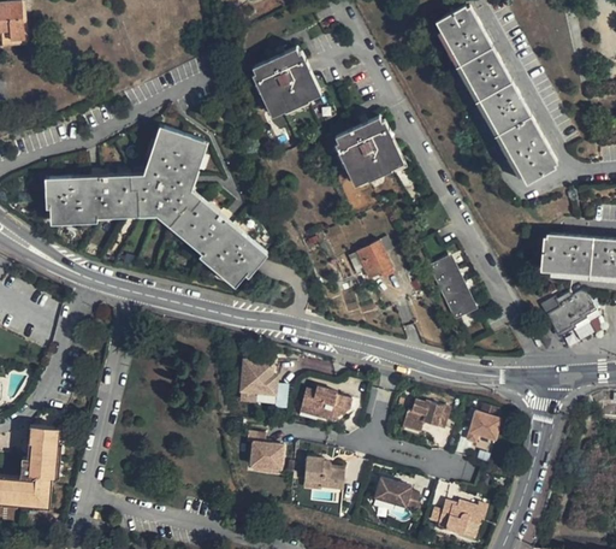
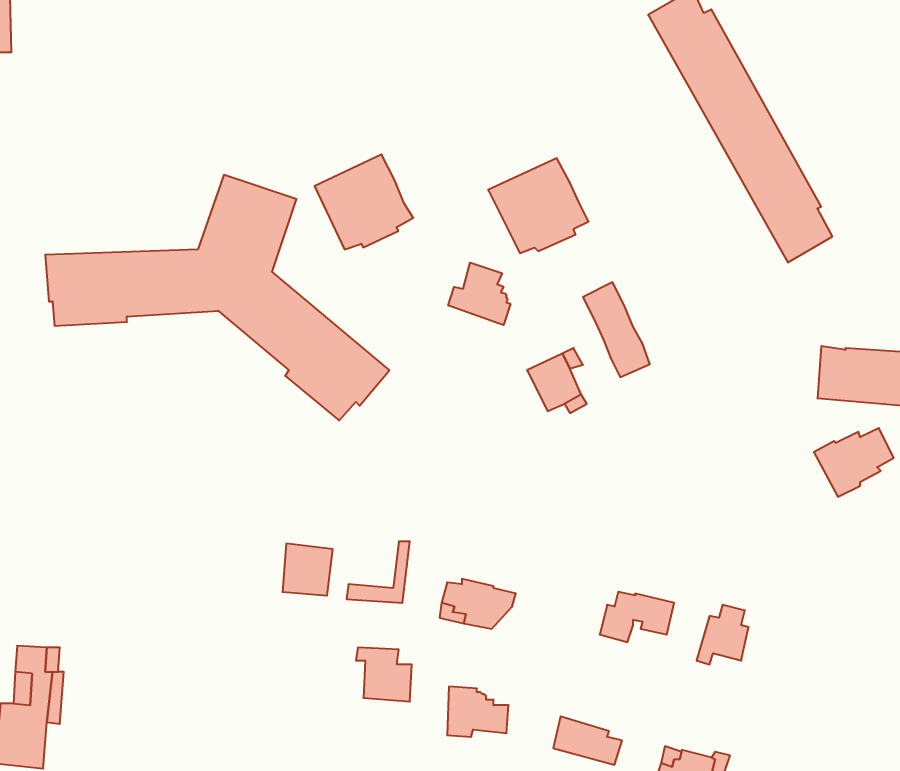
building: [250,48,314,110] -> [315,154,413,249]
building: none -> [448,263,510,325]
building: [432,260,475,321] -> [583,282,650,377]
building: [242,361,274,395] -> [282,544,333,596]

